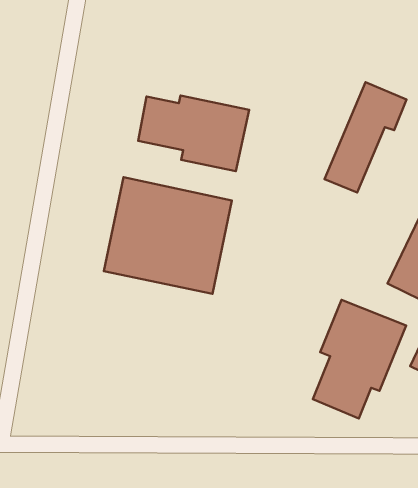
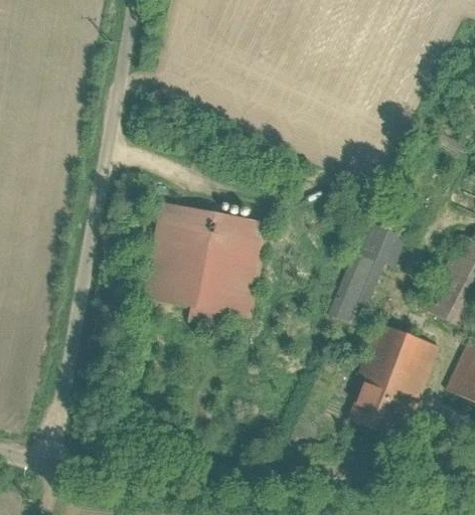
building: [324,82,406,193] -> [328,220,409,329]
building: [138,96,249,171] -> none

